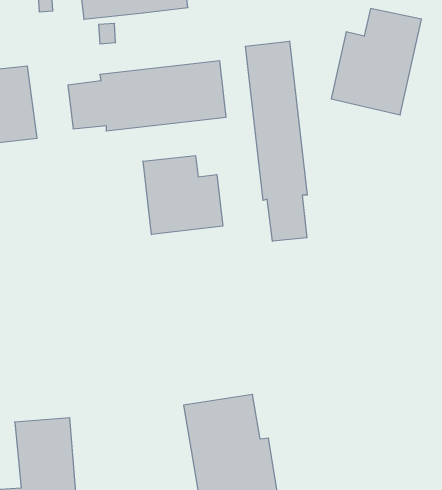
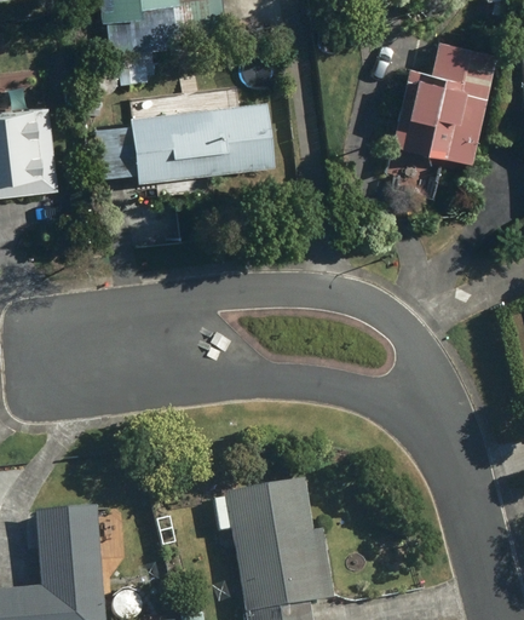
building: [245,41,307,241] -> none
building: [143,156,223,235] -> none

